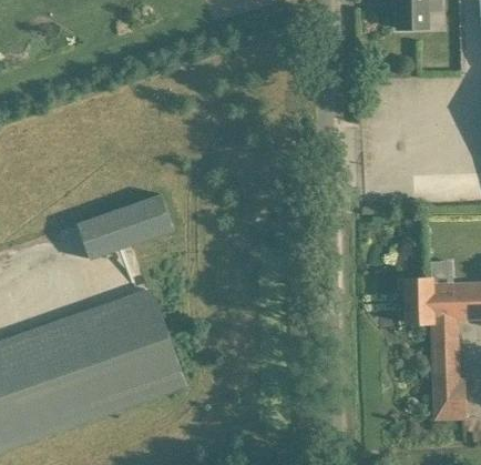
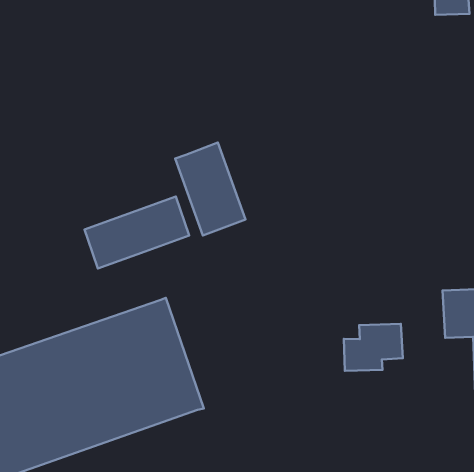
building: none -> [175,143,245,235]
building: none -> [344,324,403,371]

